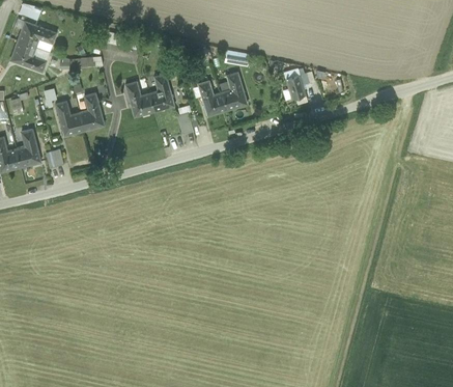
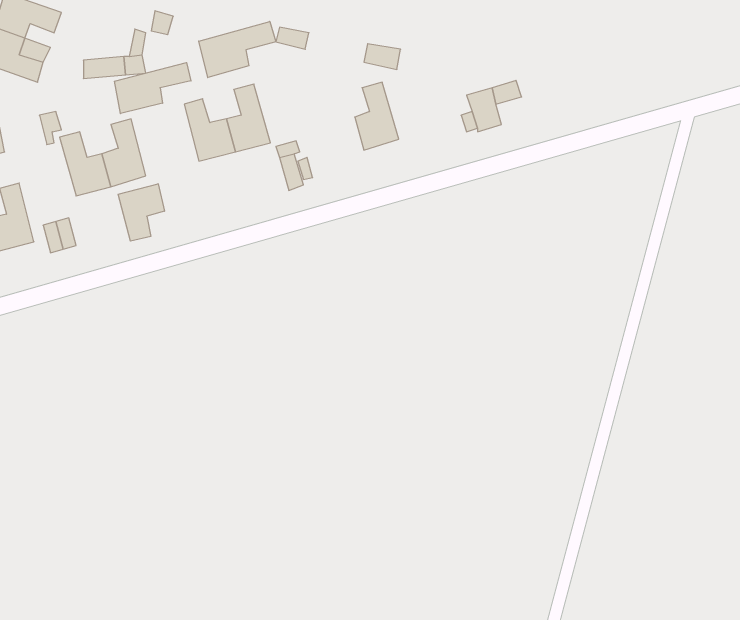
building: none -> [199,21,276,78]
building: none -> [115,63,191,114]
building: [197,79,227,115] -> none
building: none -> [118,184,164,241]

